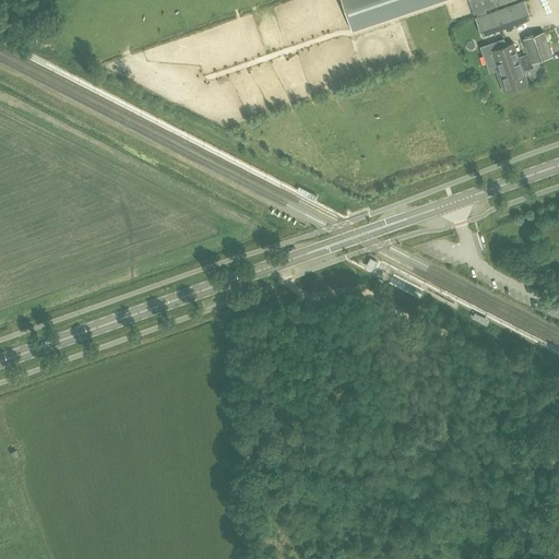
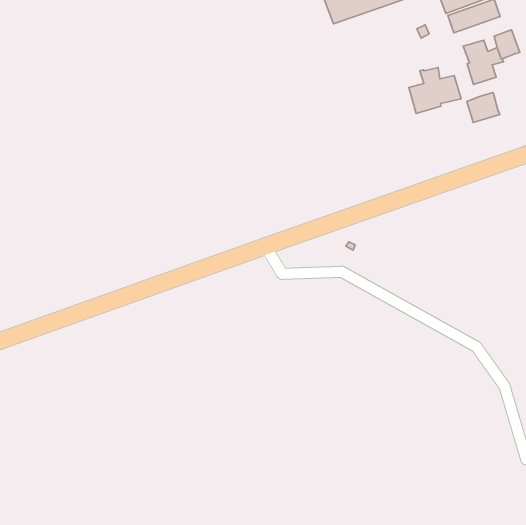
building: none -> [409,68,461,114]
building: none -> [467,93,500,122]

